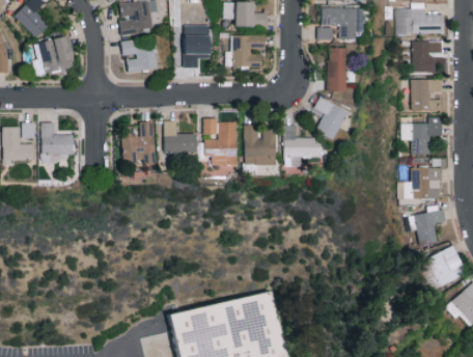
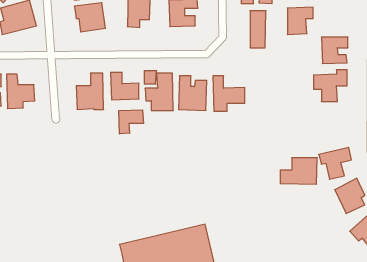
building: [412,40,442,73] -> [287,7,313,35]
building: [313,98,346,139] -> none
building: none -> [119,110,144,134]
building: [397,167,441,198] -> [280,158,317,184]

